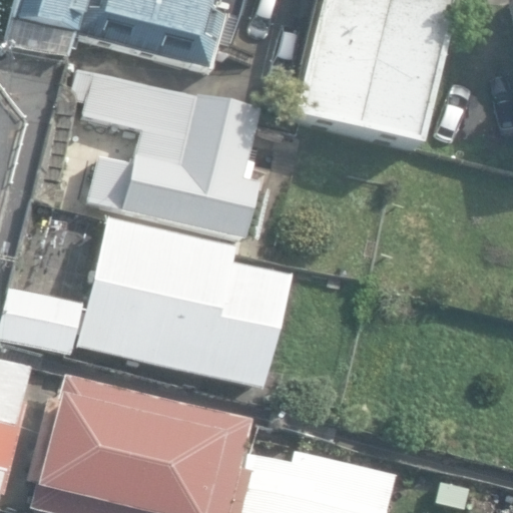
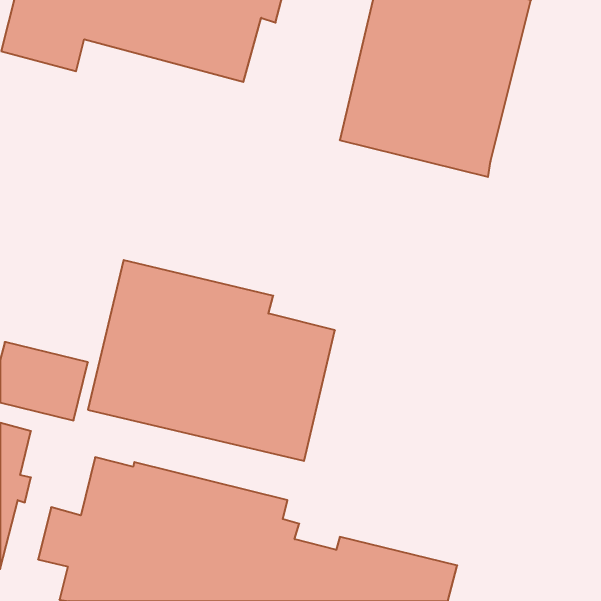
building: [73,67,259,238] -> none

